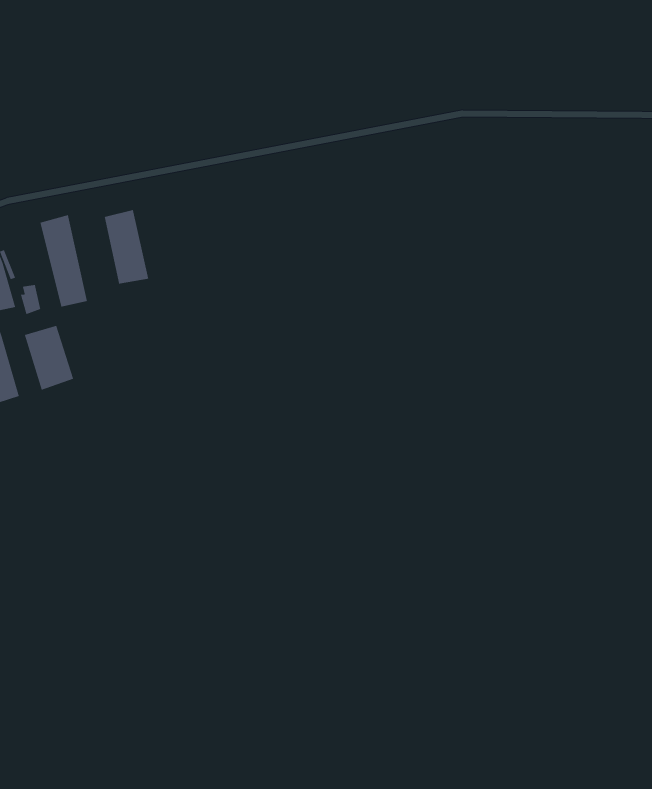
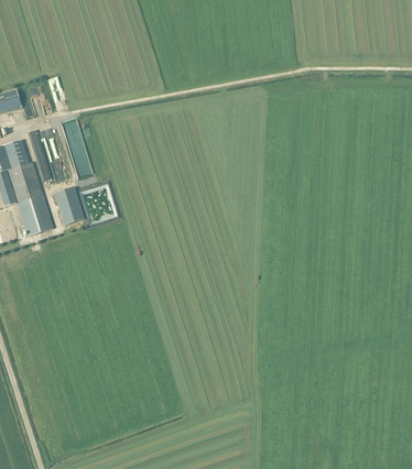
building: [104,209,149,284] -> none

